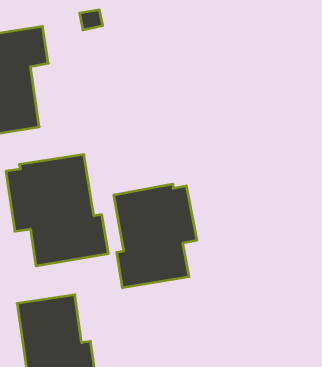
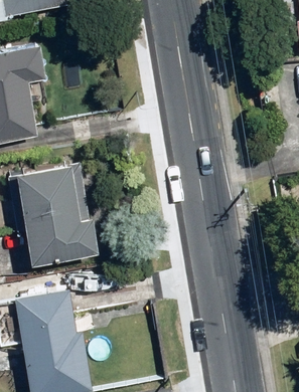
building: [114,184,197,288] -> none

